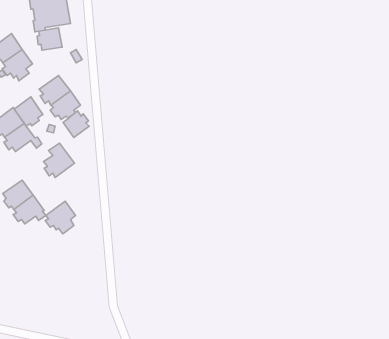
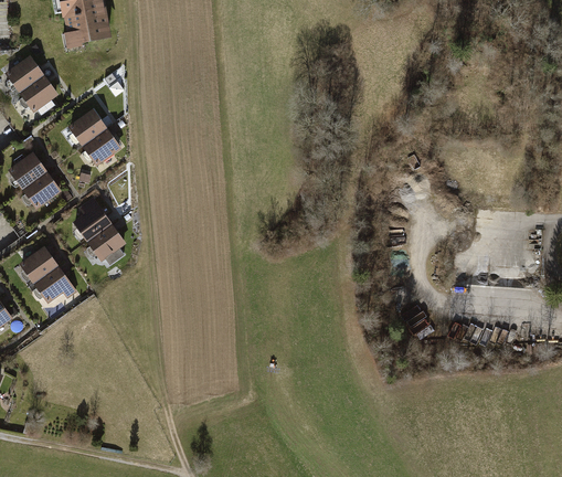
building: [37,28,62,50] -> none
building: [14,97,43,126] -> none
building: [63,111,89,138] -> none
building: [45,201,75,234] -> [87,222,127,265]

